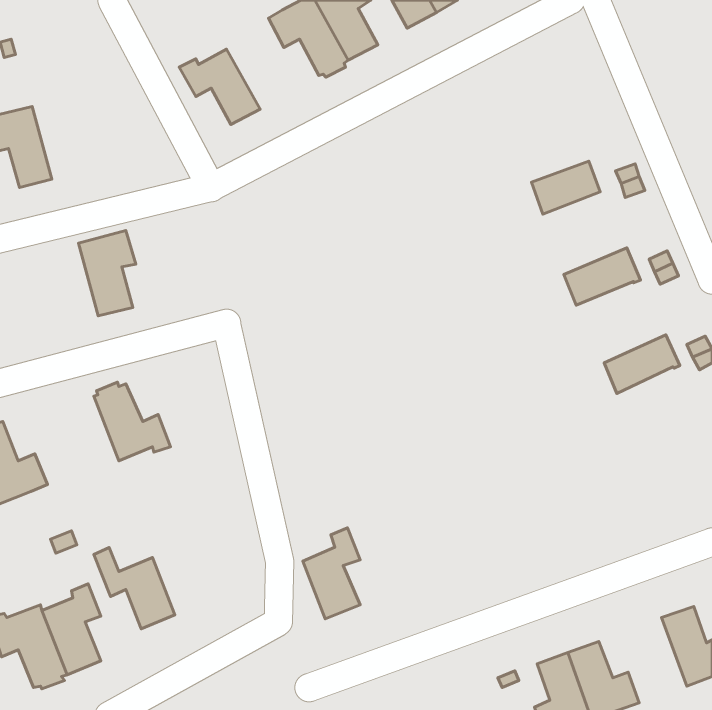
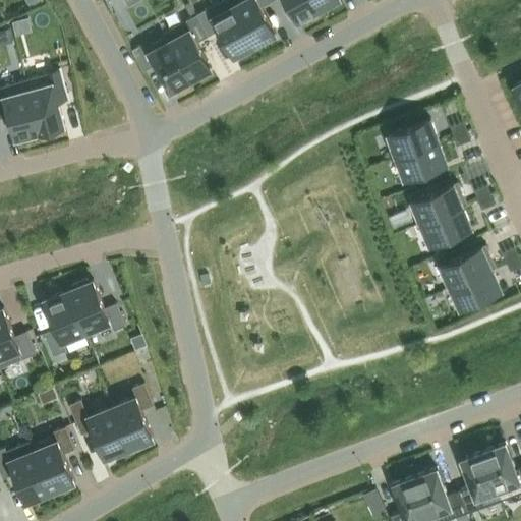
building: none -> [162,17,211,83]
building: none -> [395,143,446,182]
building: [78,231,136,316] -> [23,72,65,134]
building: none -> [419,209,470,248]
building: none -> [449,271,500,311]
building: none -> [43,292,86,358]
building: [303,528,360,619] -> [111,385,153,451]
building: none -> [457,453,500,515]

